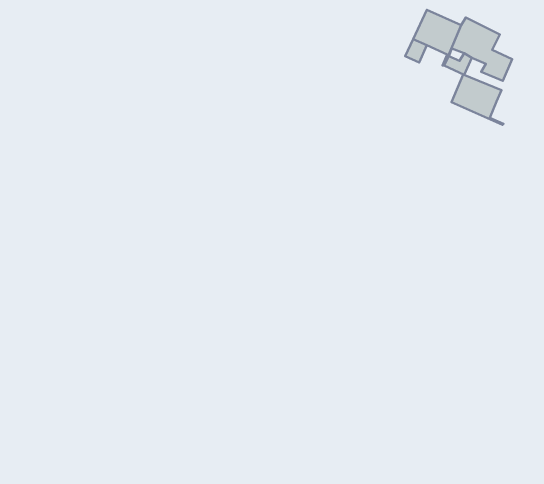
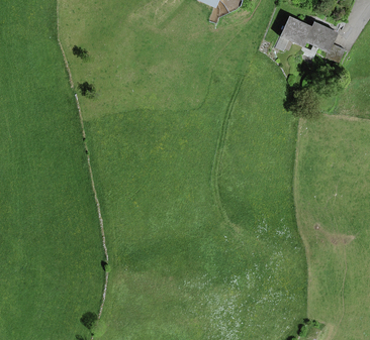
building: [451,74,504,125] -> none

